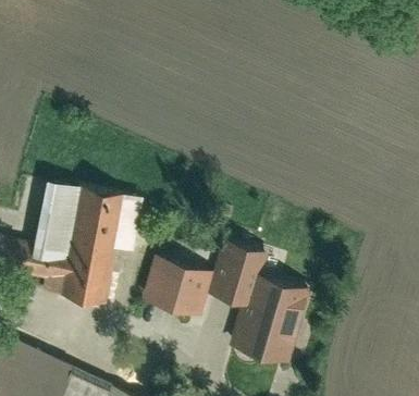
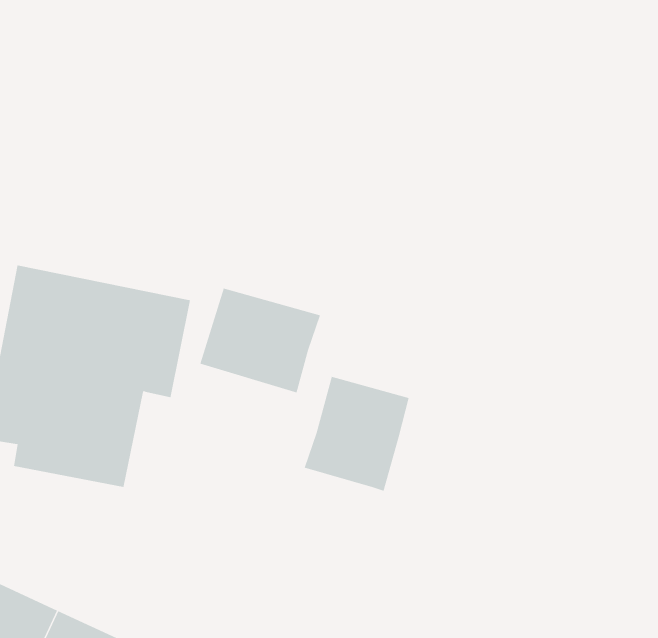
building: [145,258,212,317] -> [200,288,321,393]
building: [231,275,309,362] -> none

